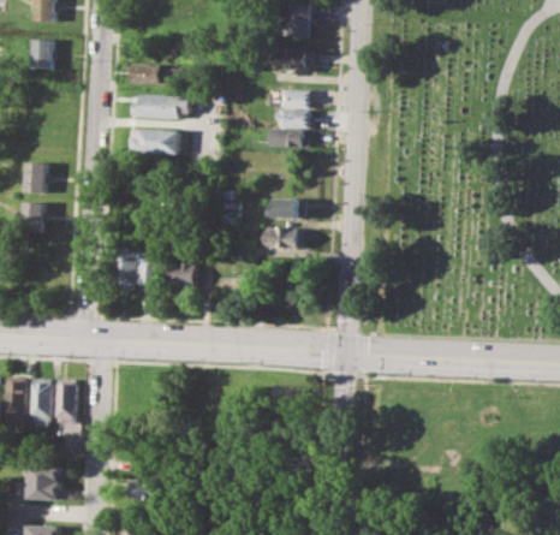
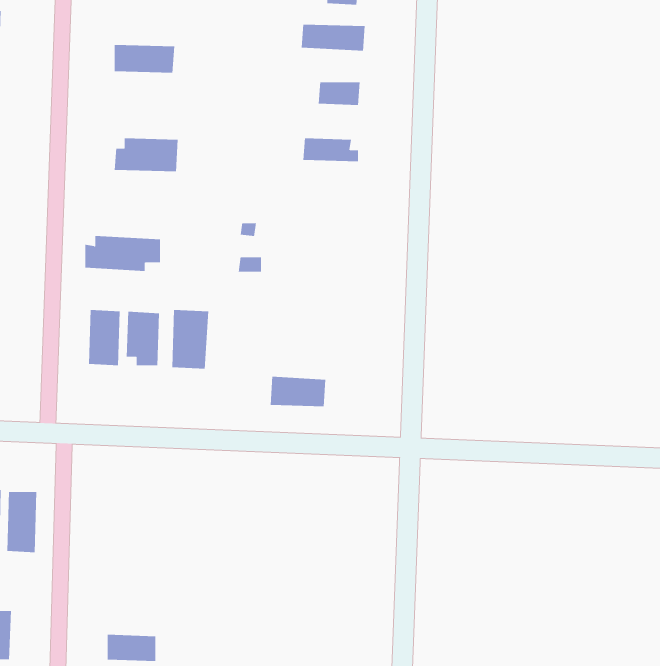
building: [135,94,189,119] -> [84,236,161,271]
building: [272,109,306,129] -> none
building: [261,198,303,218] -> none
building: [262,227,302,249] -> [270,376,326,407]

